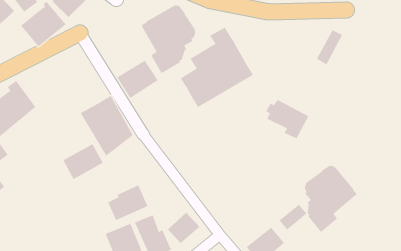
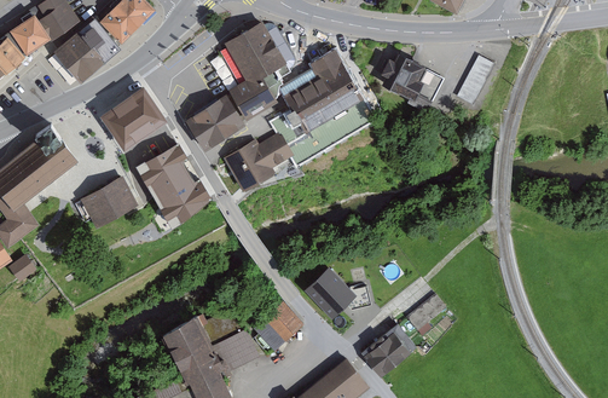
building: none -> [102,90,164,151]
building: none -> [224,137,289,186]
building: [266,99,309,139] -> [382,56,441,110]
building: [63,143,104,180] -> [80,178,135,227]
building: [304,165,358,233] -> none
building: [108,184,148,221] -> none
building: none -> [305,269,369,316]

